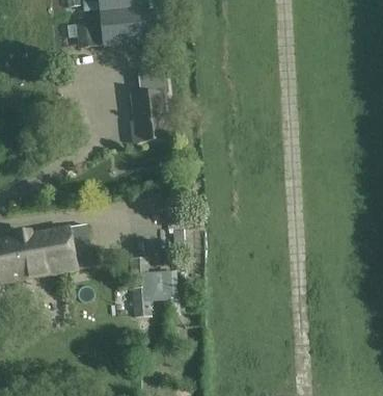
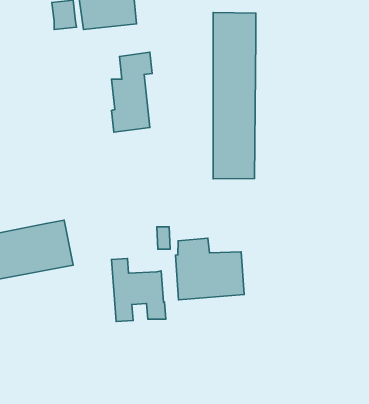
building: none -> [213,13,256,179]
building: none -> [175,238,244,300]

